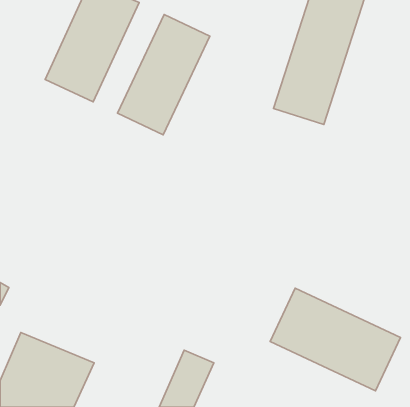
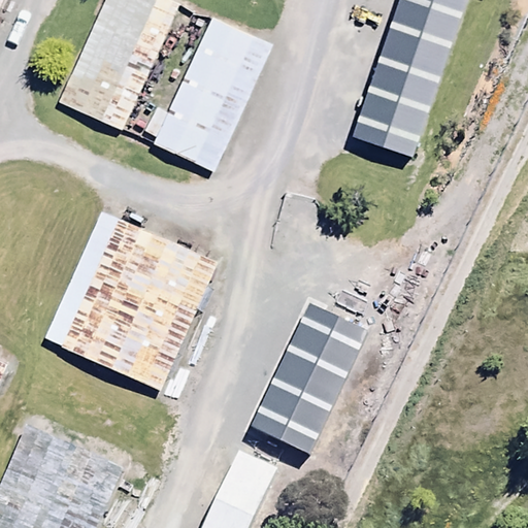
building: none -> [44,212,217,391]
building: none -> [254,306,366,453]
building: [270,288,400,391] -> none

